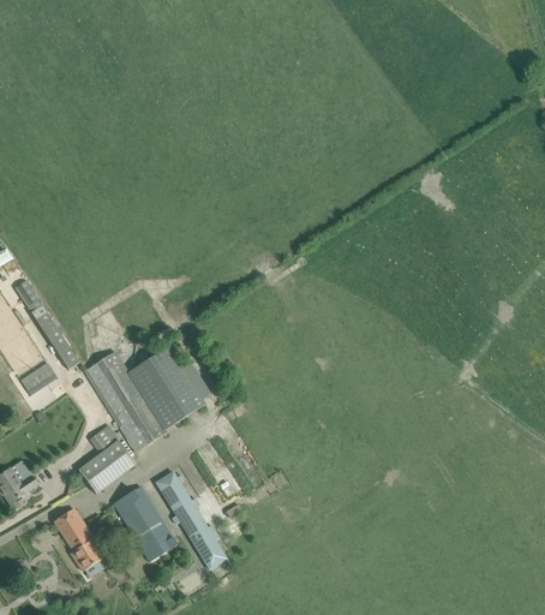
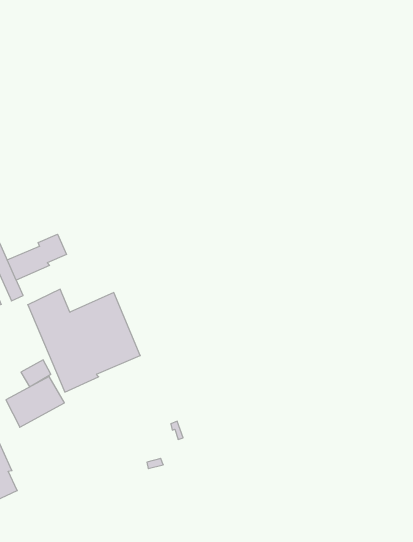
building: none -> [7,234,67,280]
building: [155,472,227,571] -> none
building: [113,491,176,562] -> none

